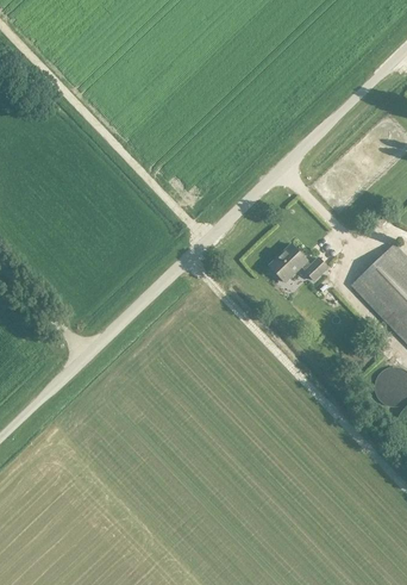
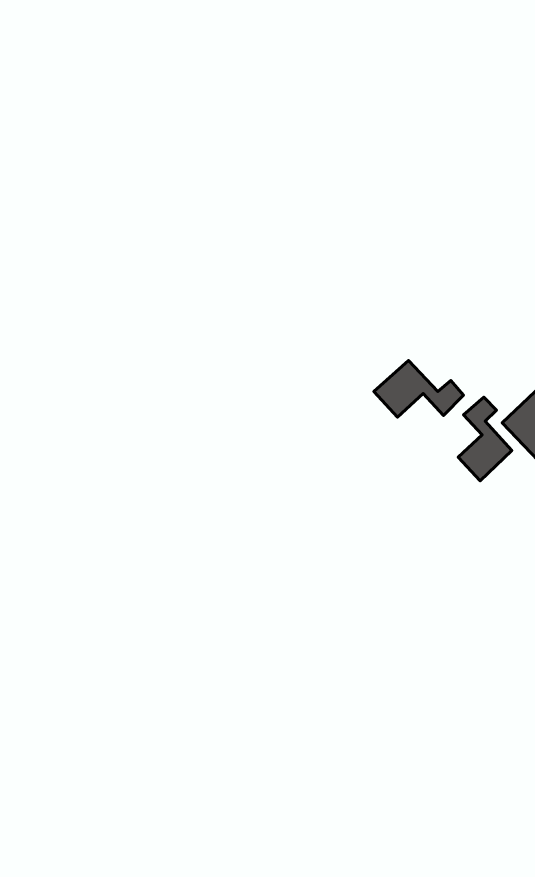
building: none -> [458,397,512,481]

